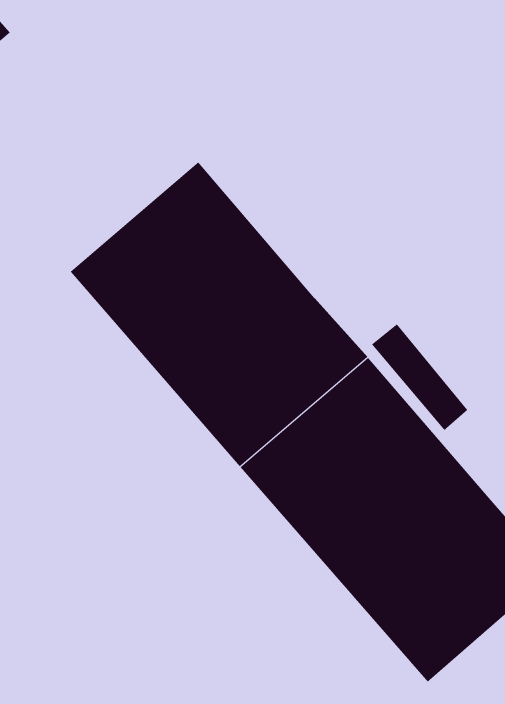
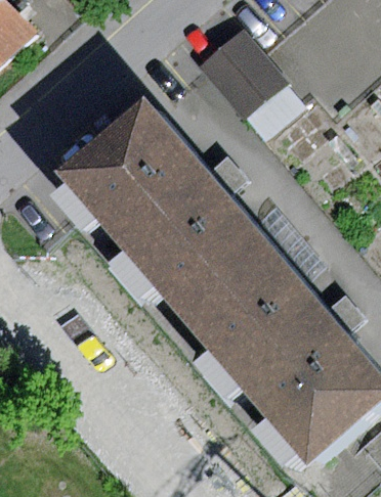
building: none -> [213,45,298,131]

